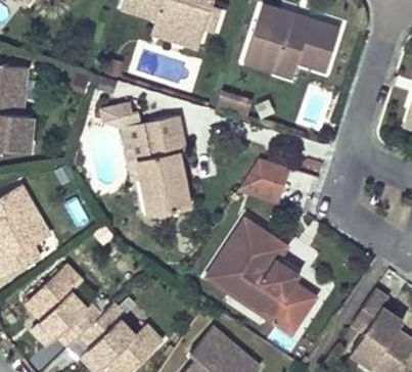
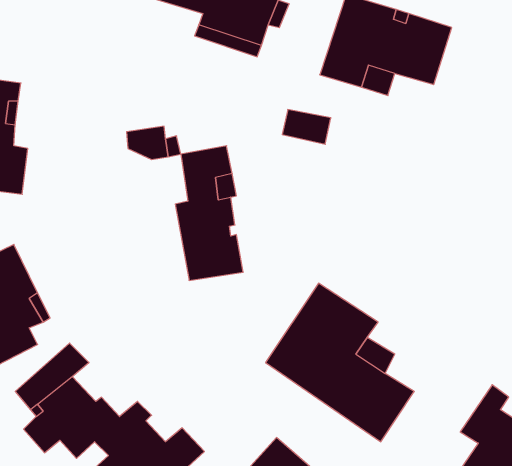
building: [240,160,288,199] -> none

